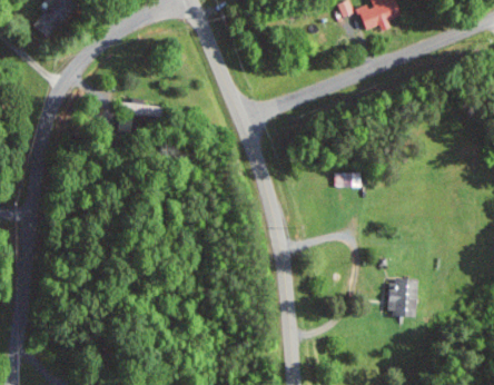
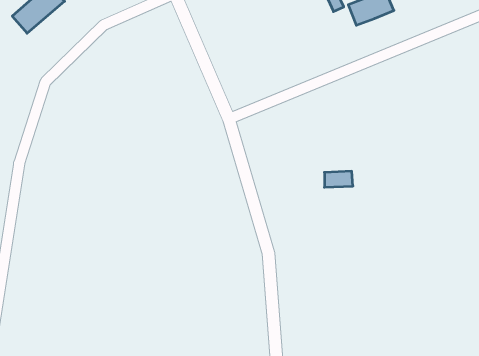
building: [387,278,418,314] -> none

